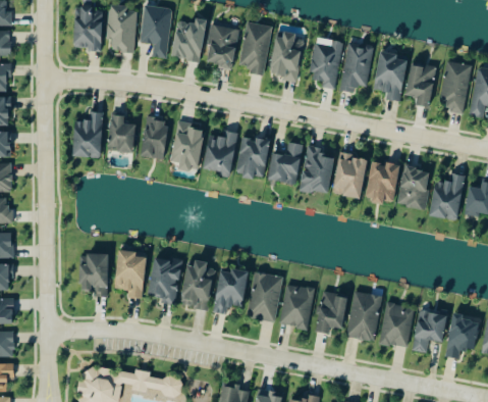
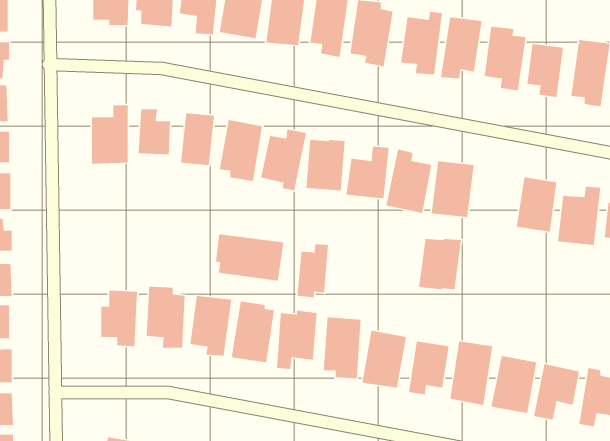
building: [365,162,398,202] -> [418,238,462,290]
building: none -> [215,234,284,281]
building: none -> [297,243,329,298]

